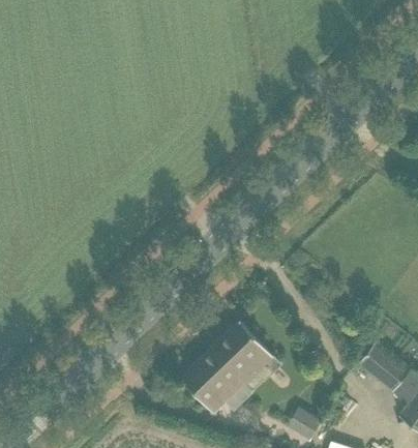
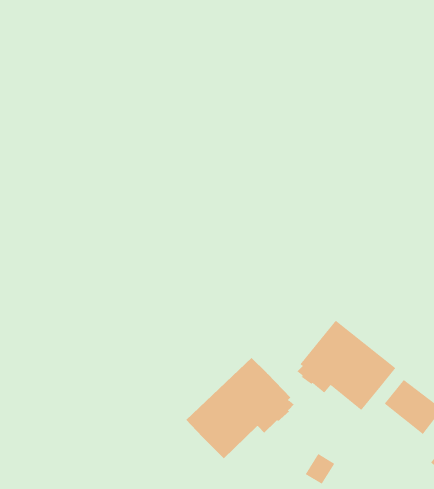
building: none -> [297,320,396,411]

